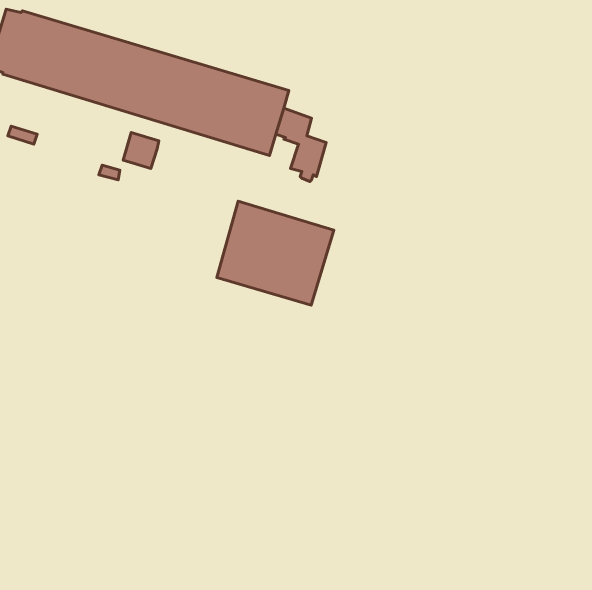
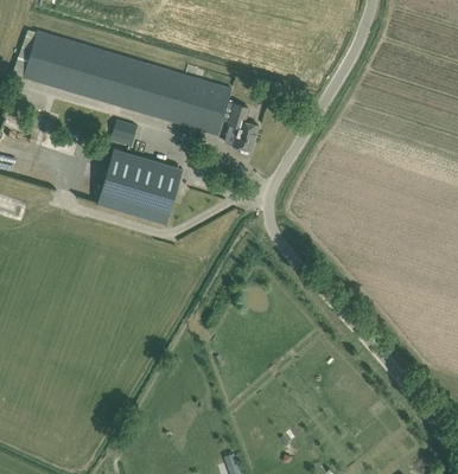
building: [217,201,334,305] -> [97,148,183,224]

